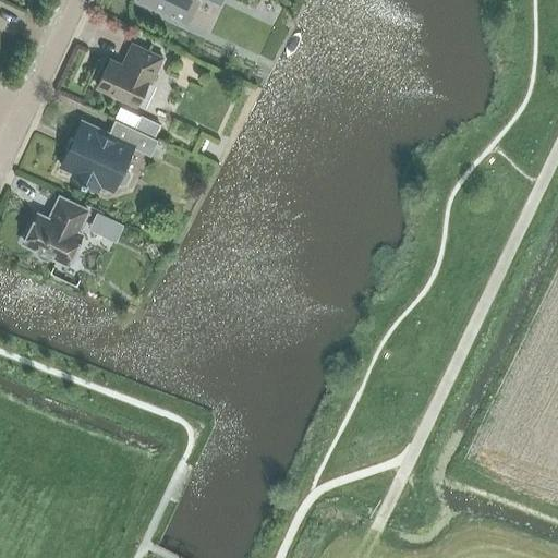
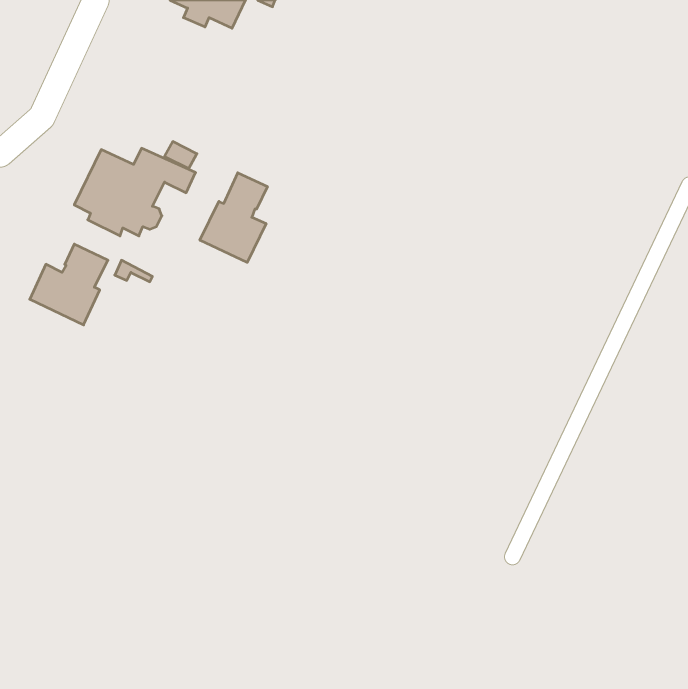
building: [98,43,163,106] -> none
building: none -> [200,173,267,262]

